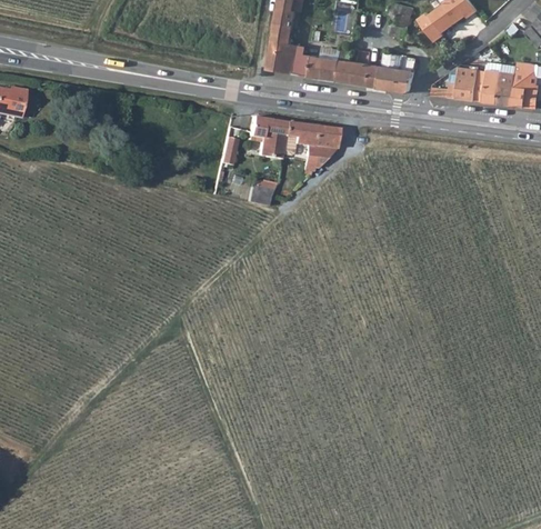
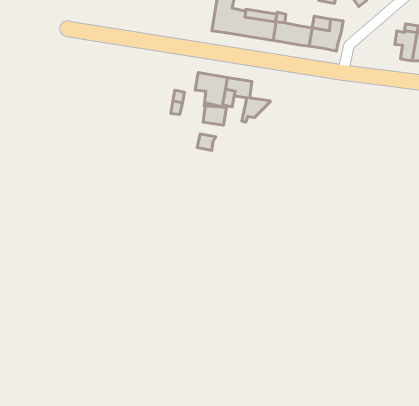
building: [448,68,484,102] -> none
building: [310,128,337,150] -> [203,106,226,125]

